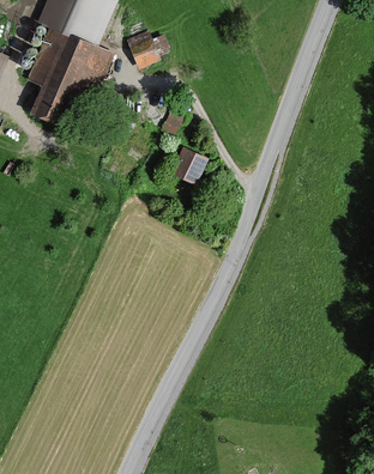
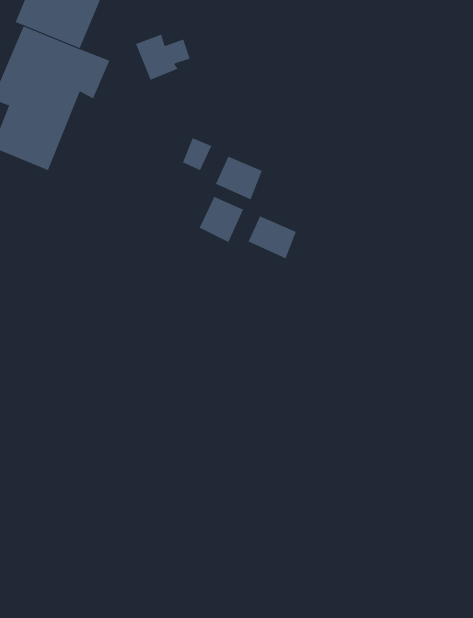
building: none -> [215,156,262,200]
building: none -> [248,216,297,259]

